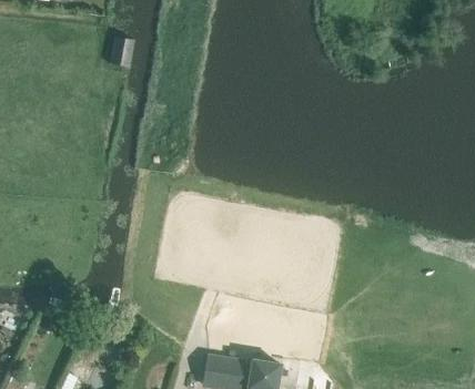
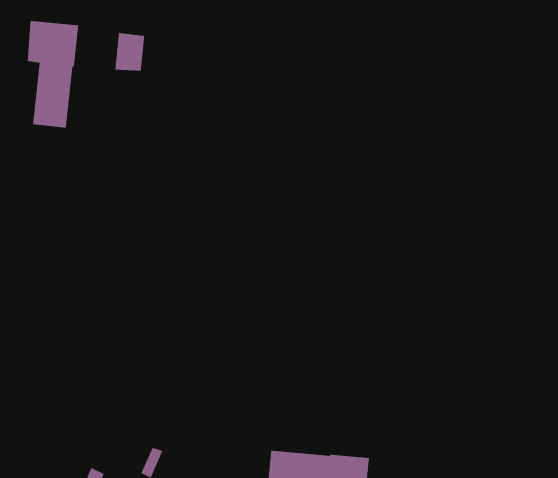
building: none -> [27,20,79,129]

